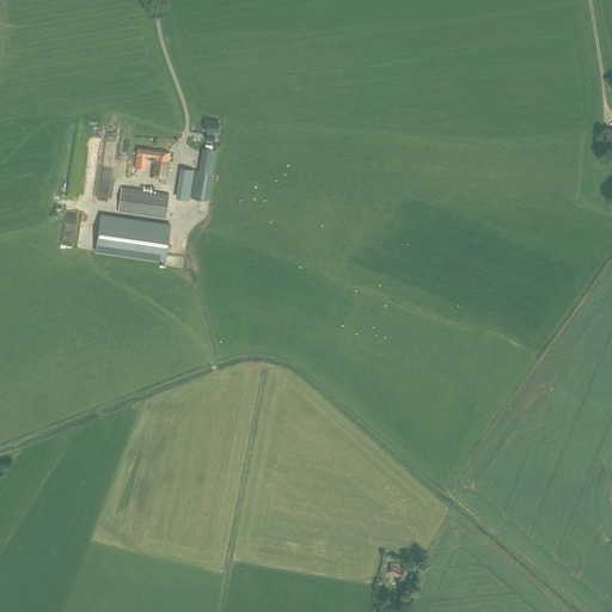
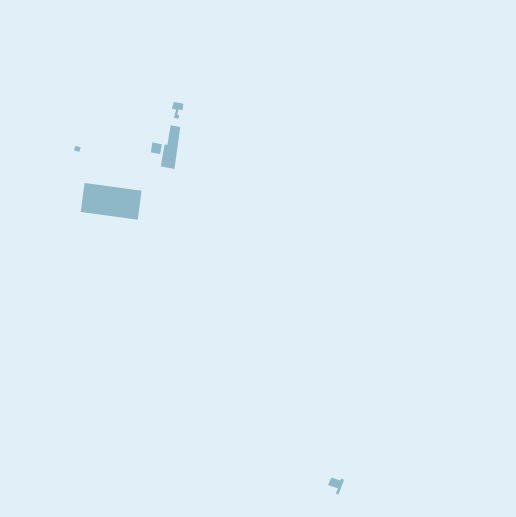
building: [134,148,169,184] -> none
building: [117,186,167,218] -> none

